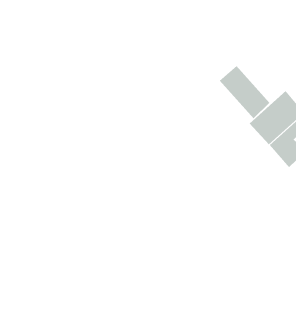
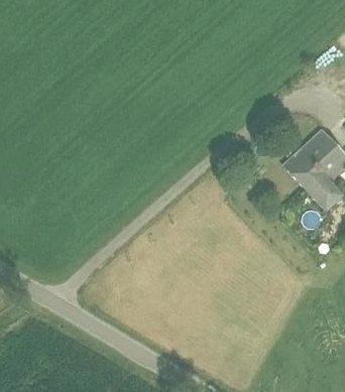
building: [219,65,270,119] -> none

